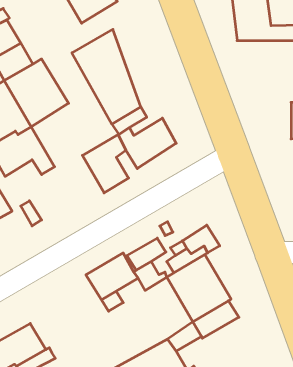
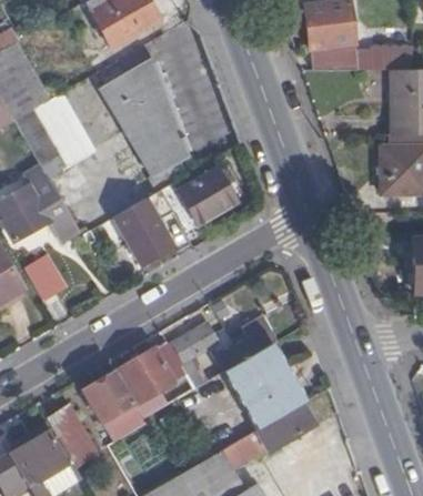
building: none -> [83,371,147,441]
building: none -> [47,404,100,467]

